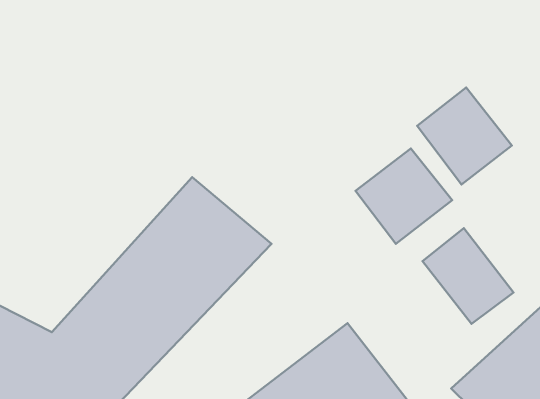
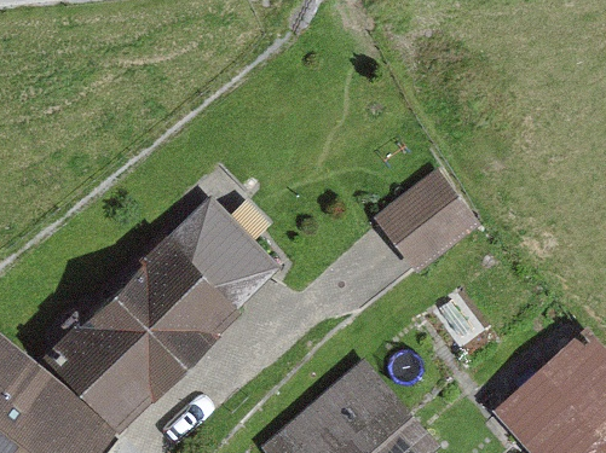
building: [417,87,512,185] -> none
building: [423,228,514,324] -> none

